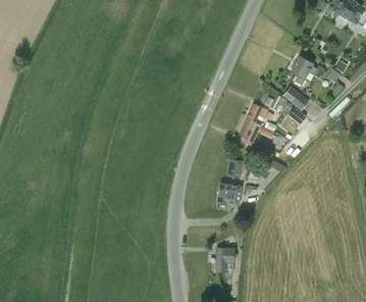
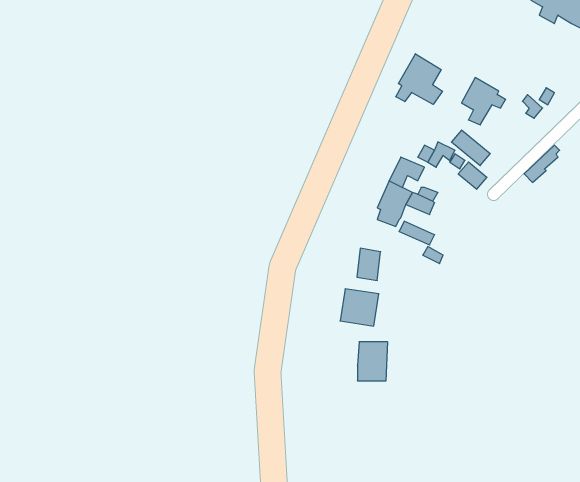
building: none -> [396,54,442,104]
building: [216,247,234,270] -> [357,342,388,381]

